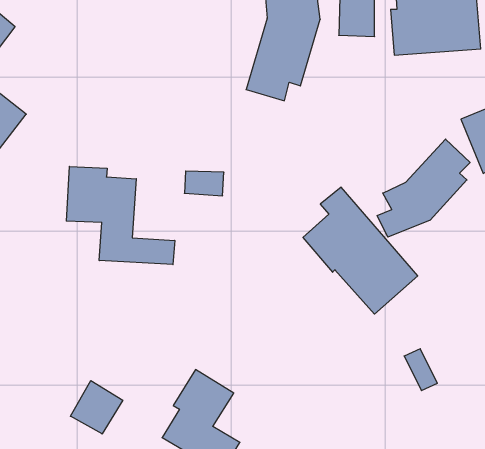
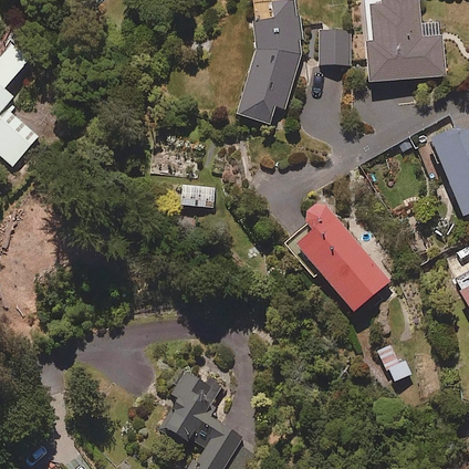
building: [377,139,470,237] -> none
building: [66,166,175,265] -> none
building: [70,381,123,434] -> none

